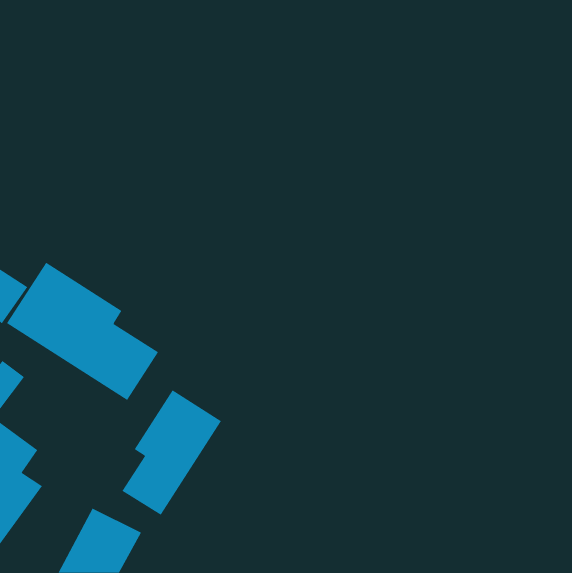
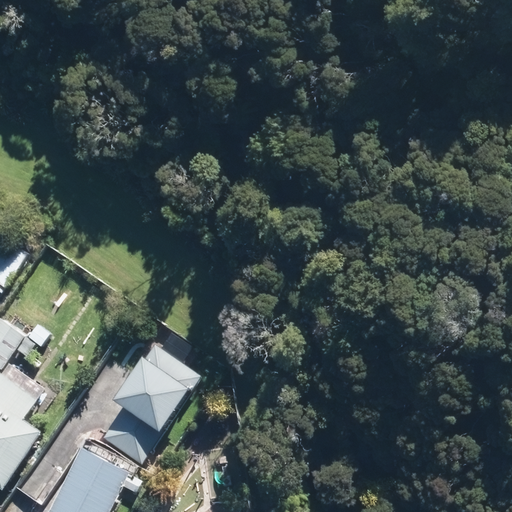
building: [6,262,159,401] -> none

